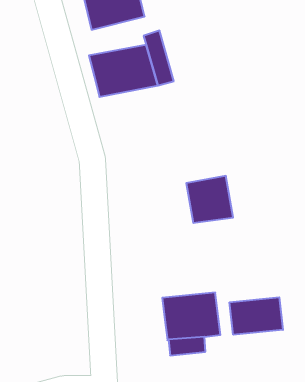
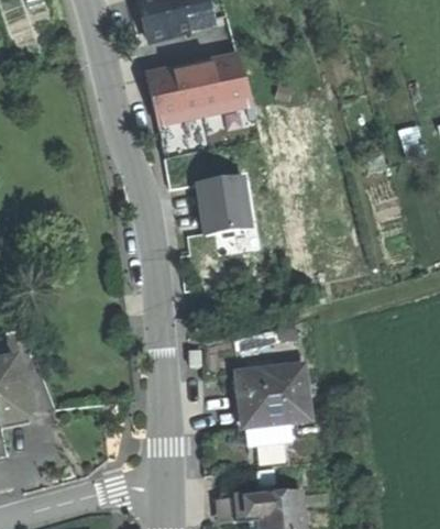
building: [186,176,233,223] -> [194,176,252,234]
building: [230,297,283,335] -> none

